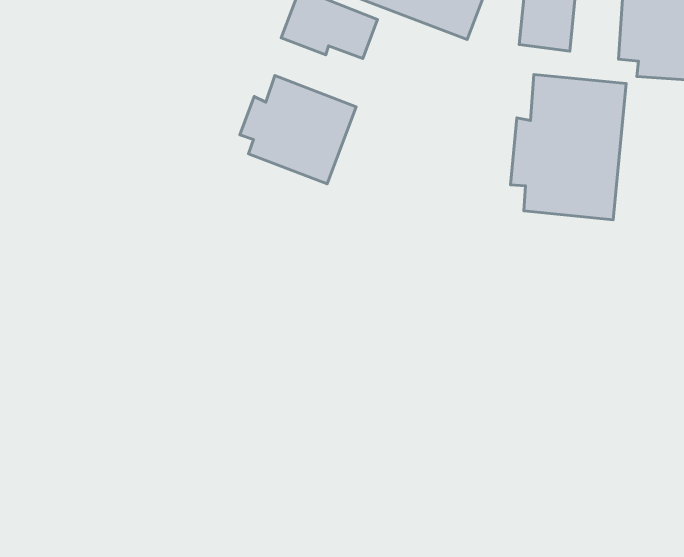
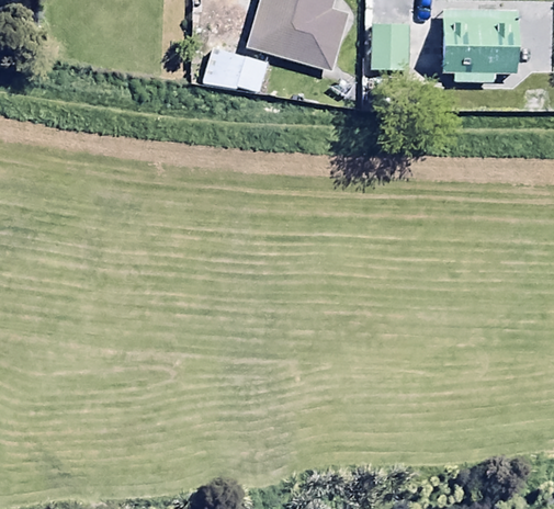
building: [510,74,626,220] -> none
building: [240,76,356,184] -> none

